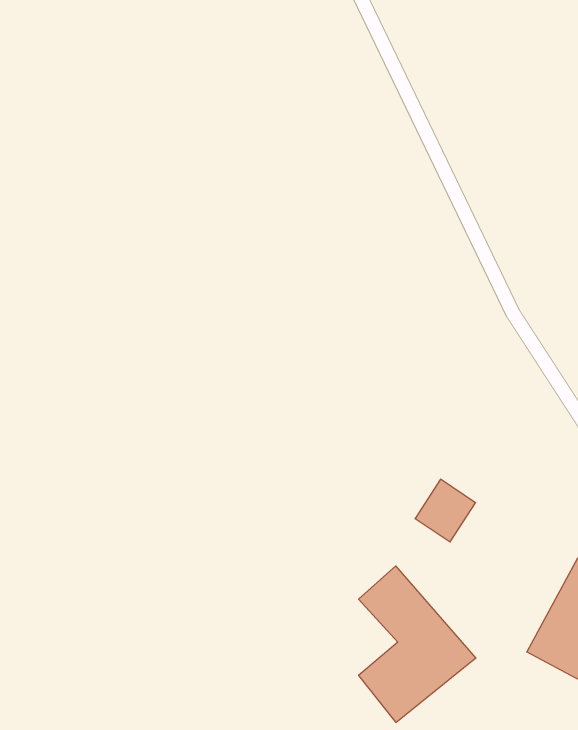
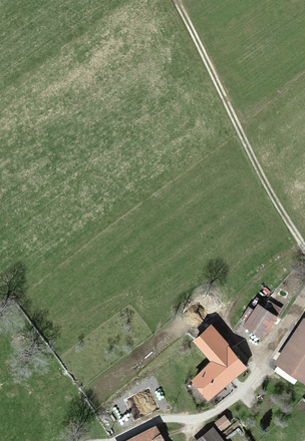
building: [415,479,476,542] -> [243,307,274,339]

